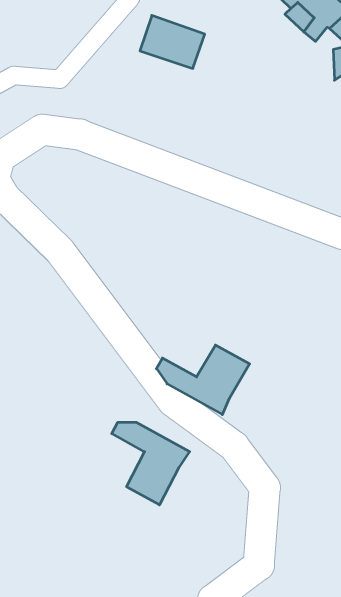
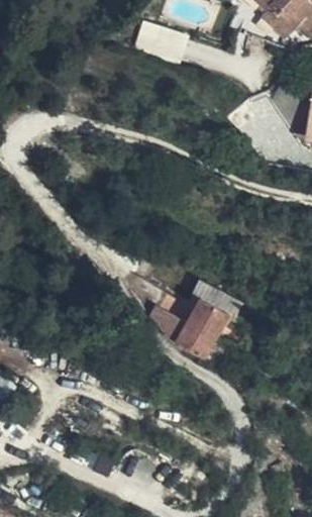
building: [112,422,190,505] -> none

